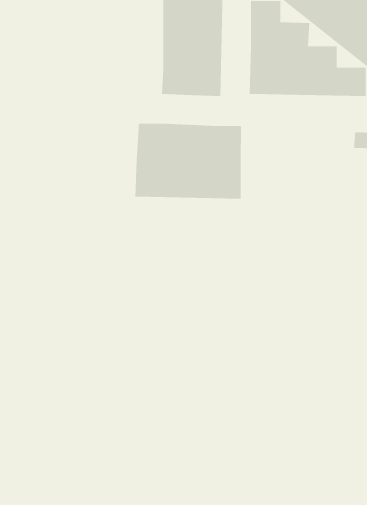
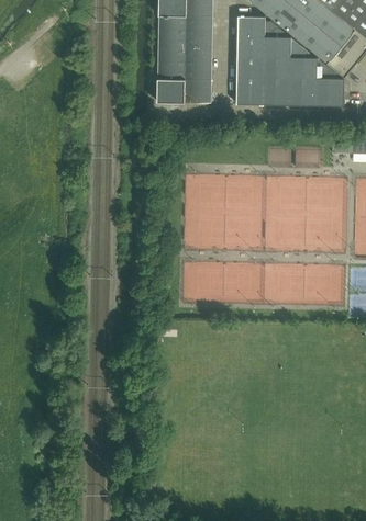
building: [134,123,242,199] -> none

